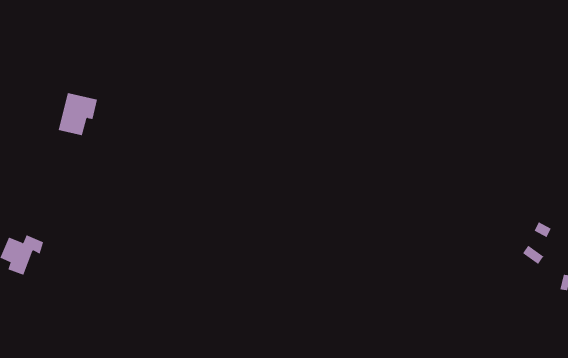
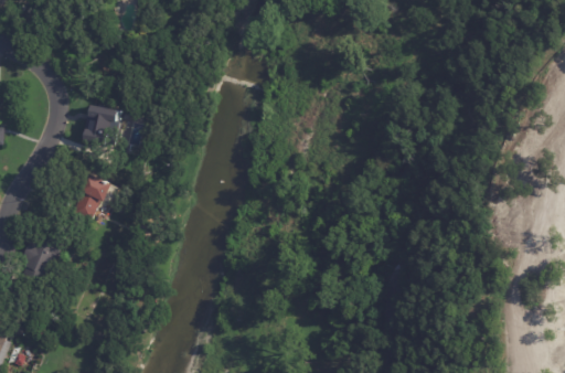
building: none -> [70,175,114,223]

